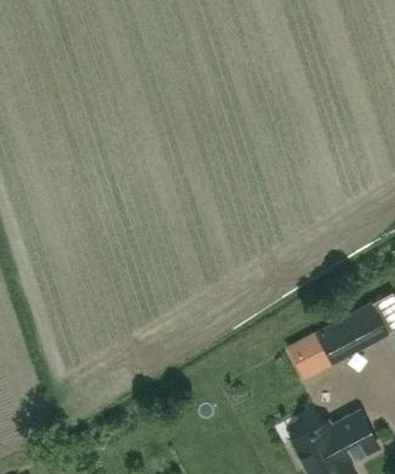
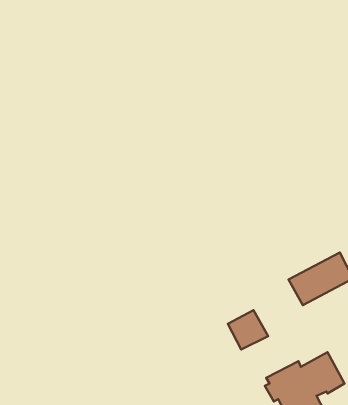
building: [290,333,334,375] -> [228,310,268,349]

